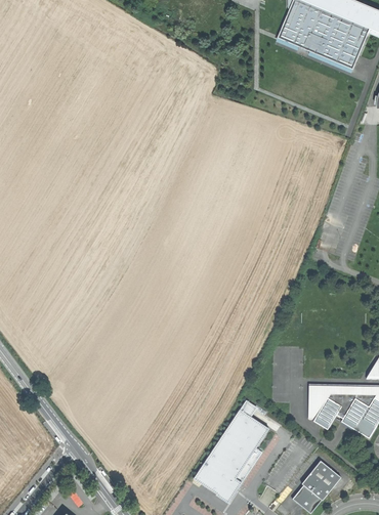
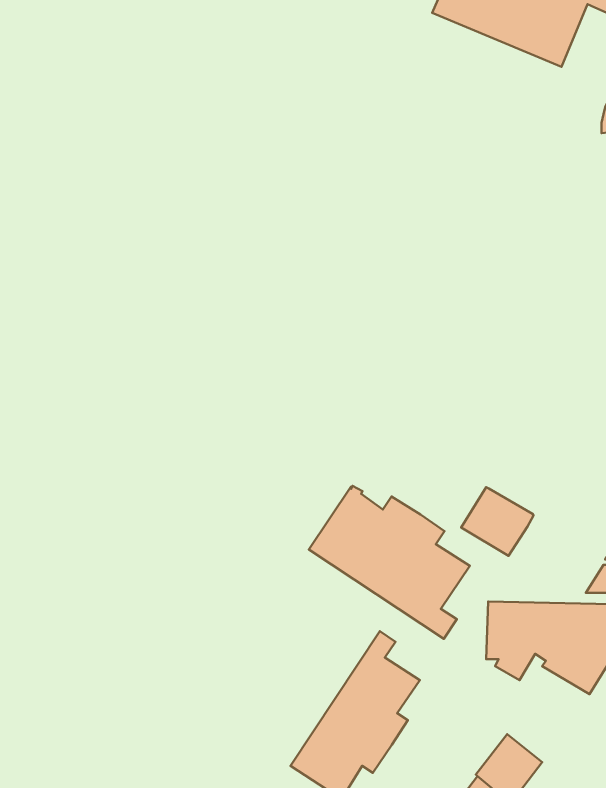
building: none -> [309,486,470,639]
building: none -> [461,487,534,556]

